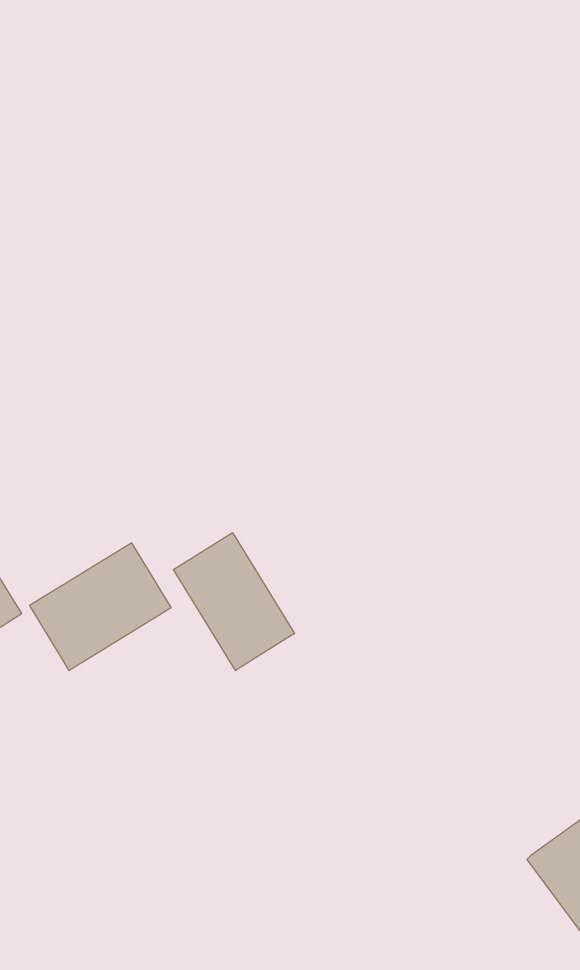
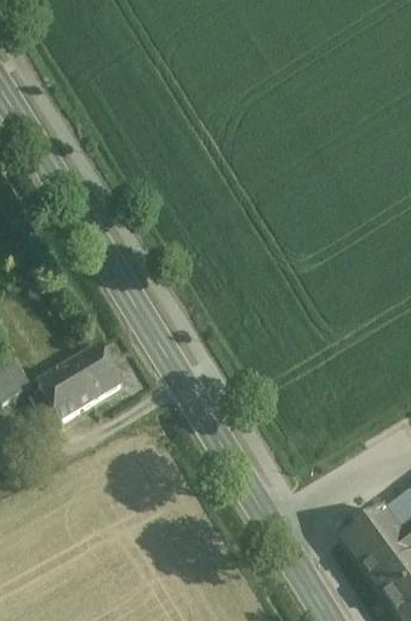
building: [173,533,294,671] -> none

